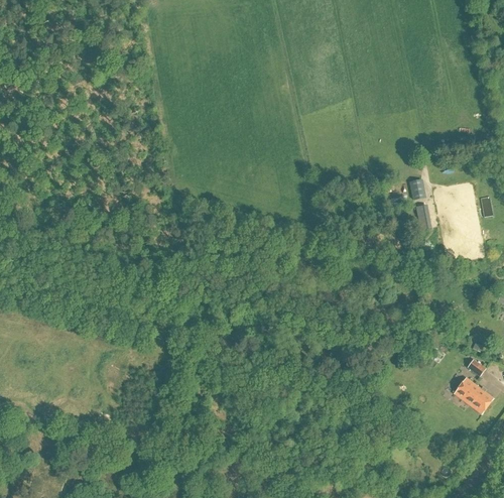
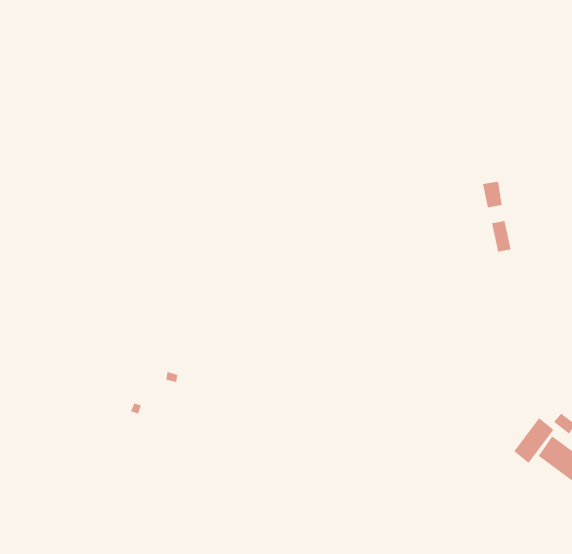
building: none -> [514,417,554,464]

